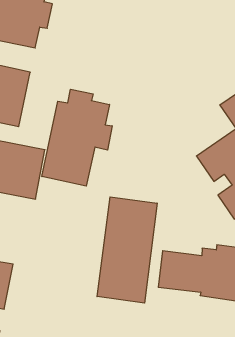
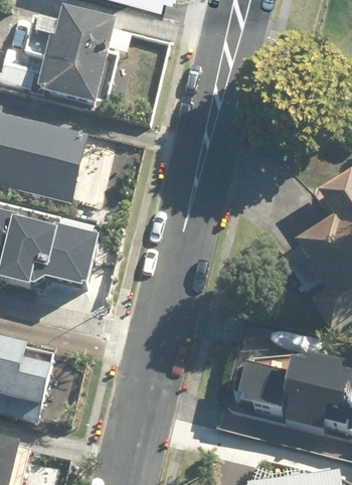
building: [42,89,112,186] -> none
building: [97,197,157,303] -> none

